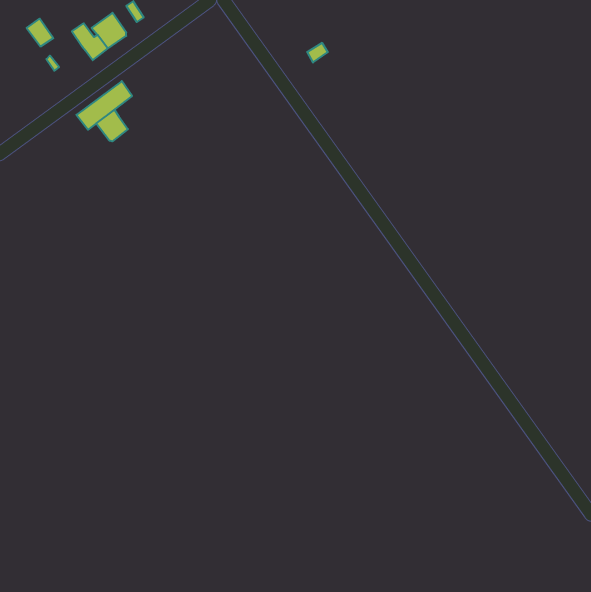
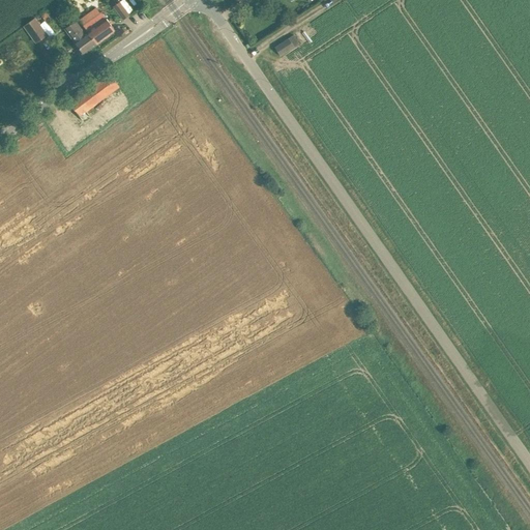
building: [96,110,128,141] -> none

